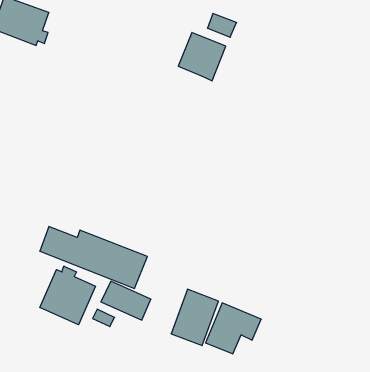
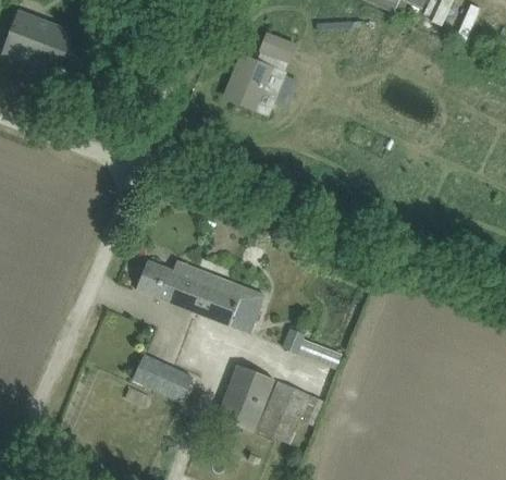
building: [40,227,147,288] -> [135,259,263,333]
building: none -> [282,325,342,366]
building: [40,266,96,325] -> none

